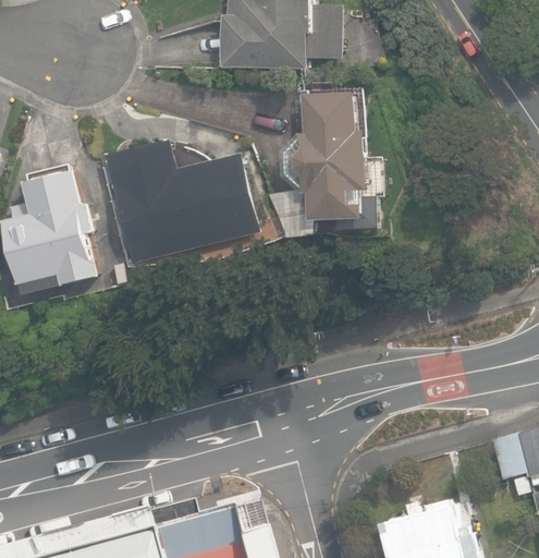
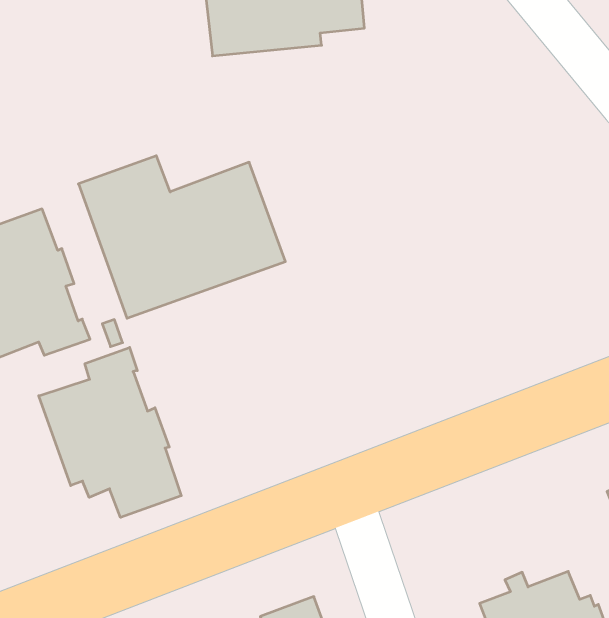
building: [264,88,378,239] -> none
building: none -> [39,347,181,517]

